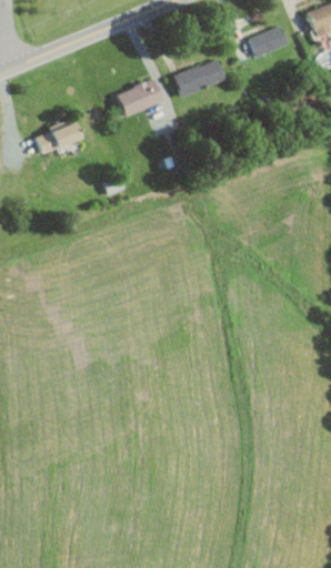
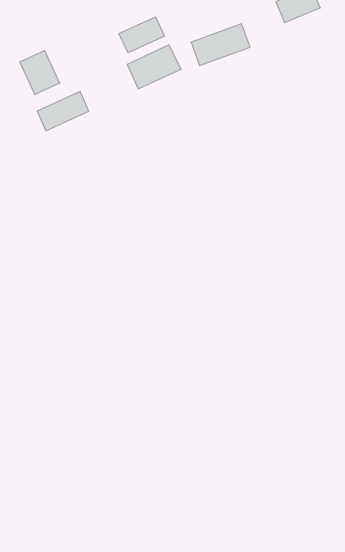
building: none -> [119,17,165,53]
building: none -> [20,51,60,95]

